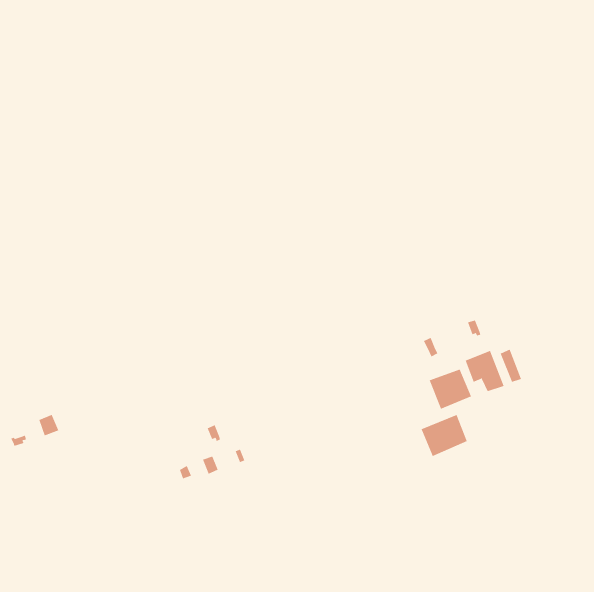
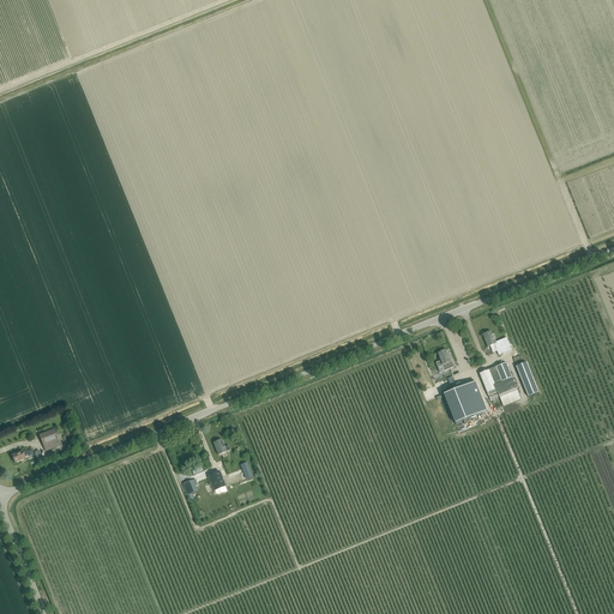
building: [421,414,468,457] -> none

